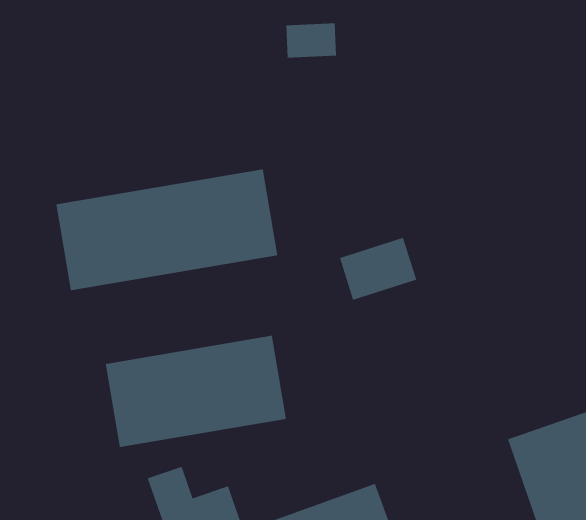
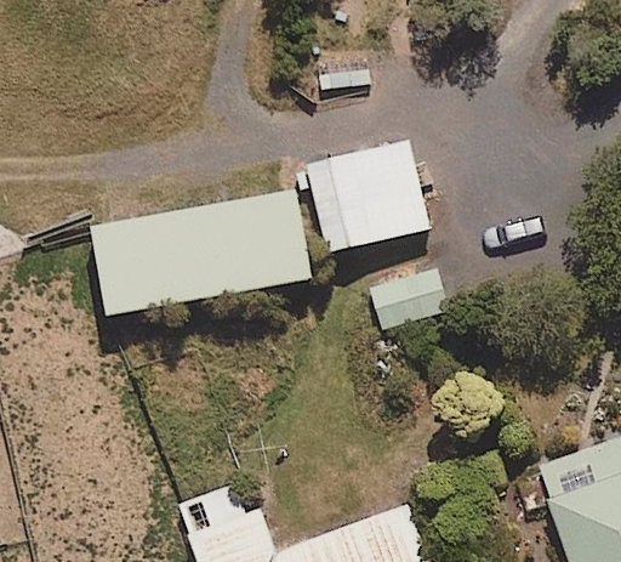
building: none -> [307,140,431,251]
building: [105,335,287,448] -> none

